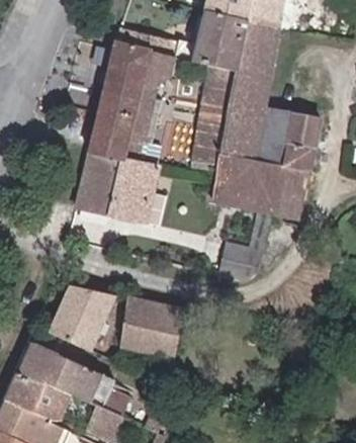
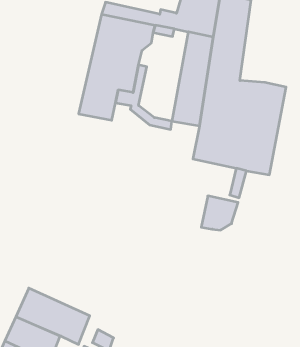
building: [75,152,169,225] -> none
building: [53,282,113,349] -> none
building: [122,297,186,361] -> none

